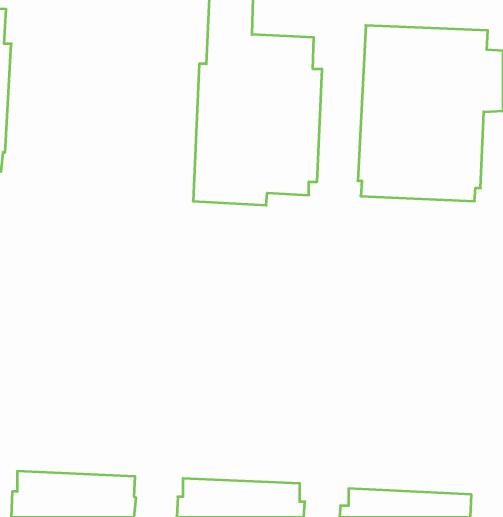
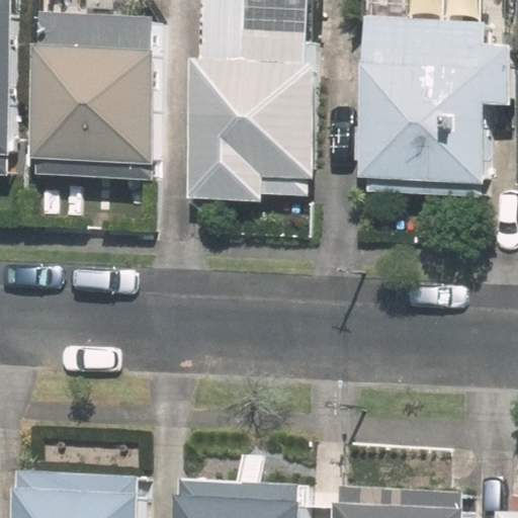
building: none -> [31,17,158,181]

